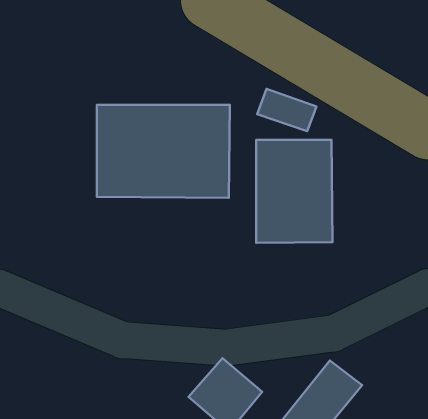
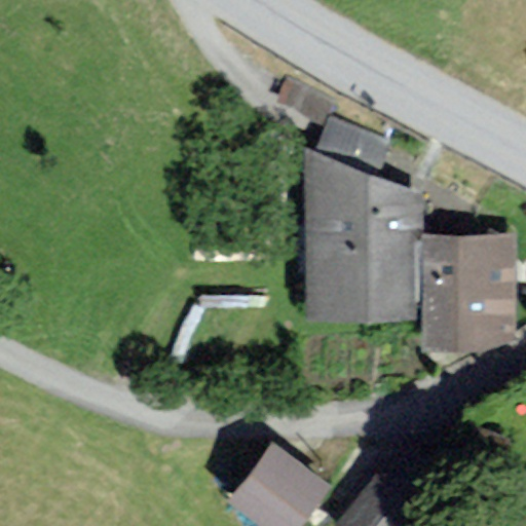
building: [97,105,230,198] -> none
building: none -> [425,245,508,341]

